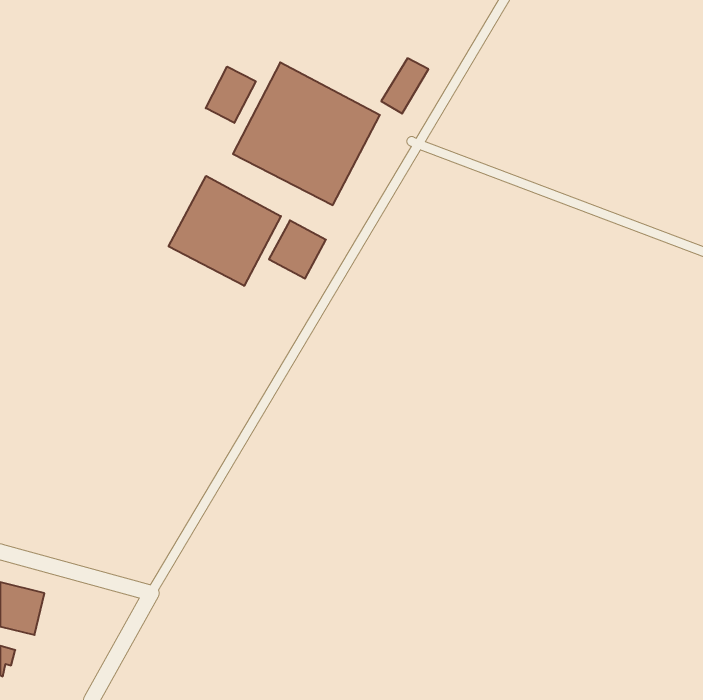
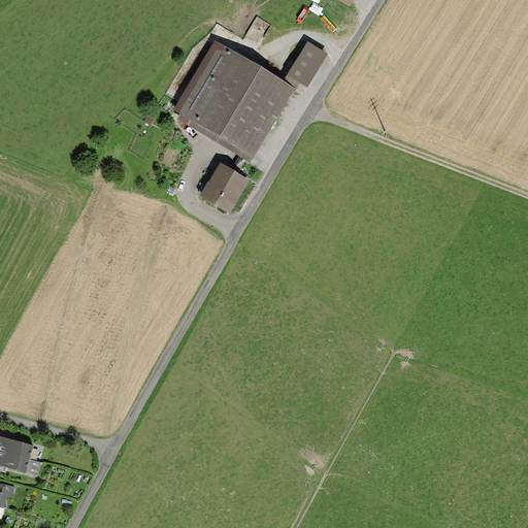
building: [206,67,256,123] -> none
building: [169,176,281,286] -> none

